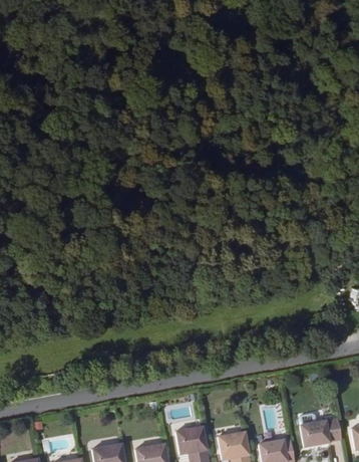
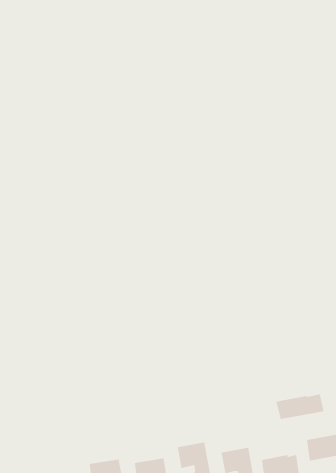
building: none -> [276,394,325,420]

